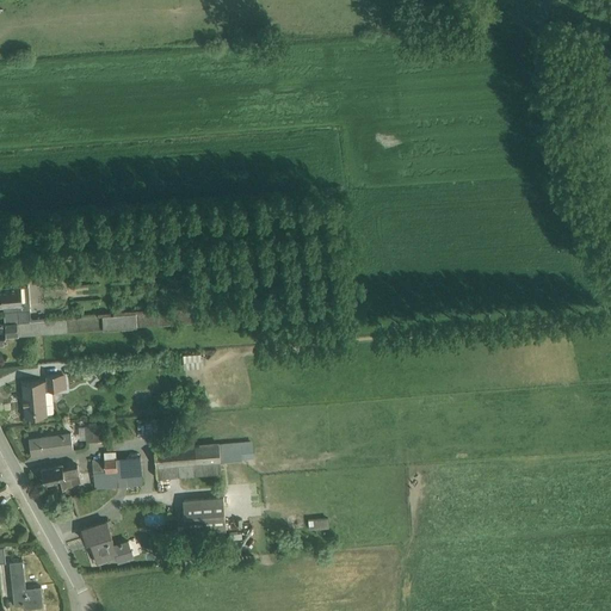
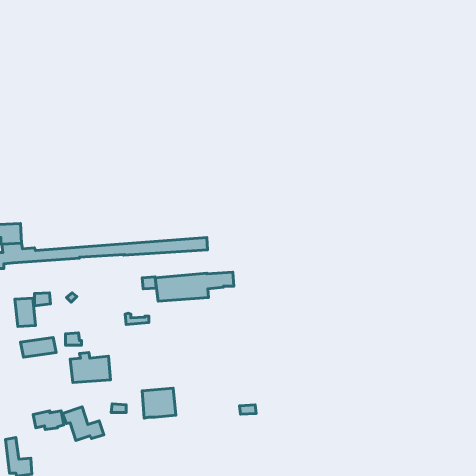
building: [152,443,252,480] -> [155,272,234,301]
building: [39,465,79,489] -> [33,411,64,430]

